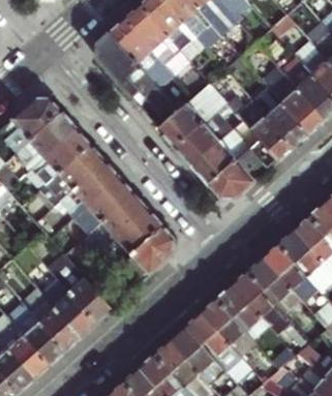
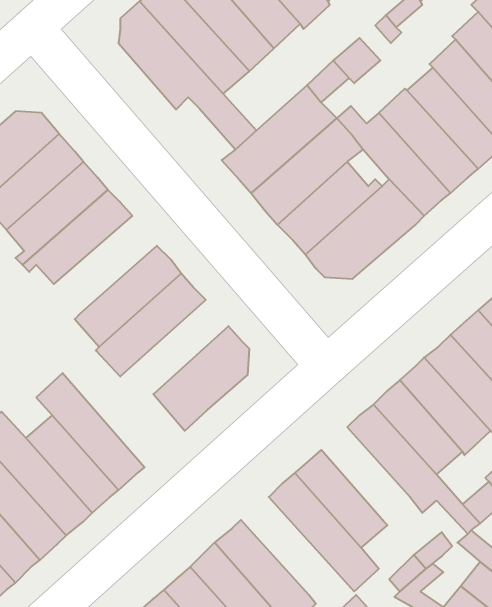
building: [53,160,119,218] -> none
building: [97,210,161,271] -> none
building: [216,285,269,341] -> none
building: [169,327,224,385] -> none

